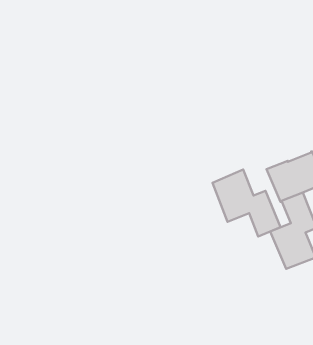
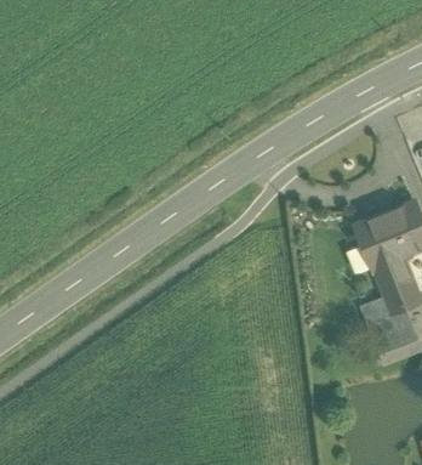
building: [213,169,281,237] -> none

